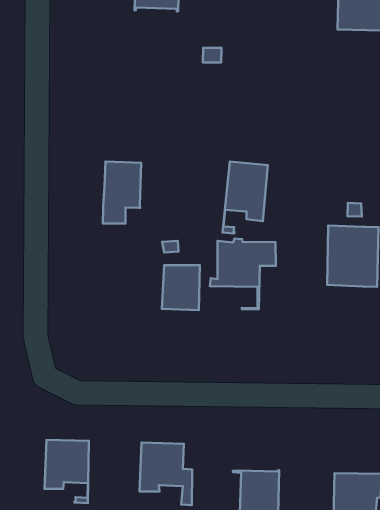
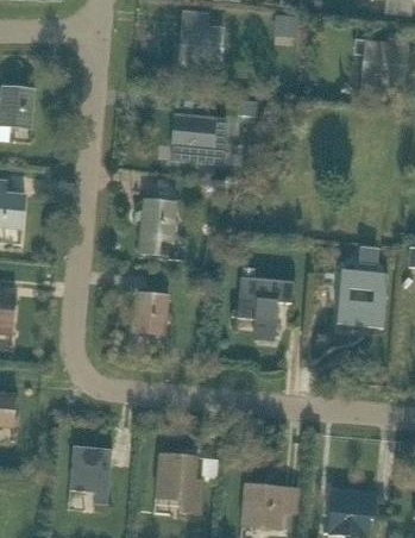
building: none -> [171,114,226,163]
building: [222,162,268,233] -> none
building: [162,265,200,310] -> [131,292,168,334]

